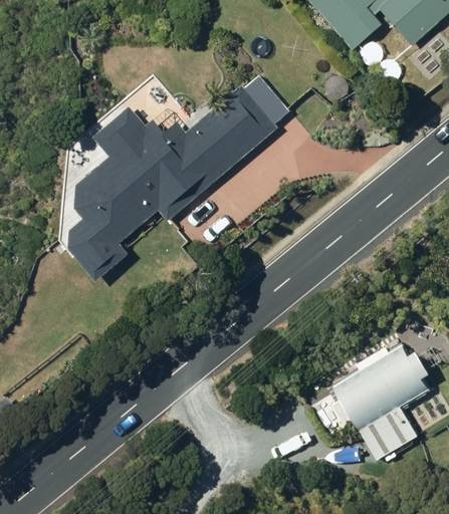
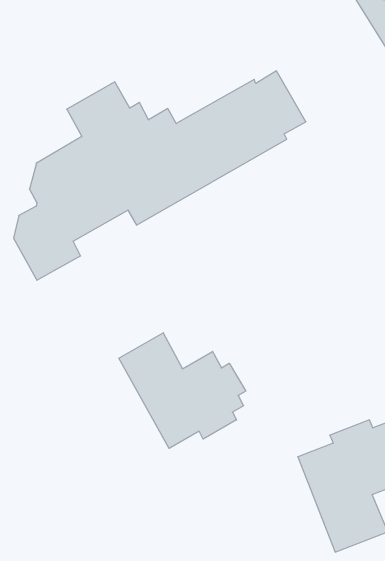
building: none -> [119,333,246,448]

